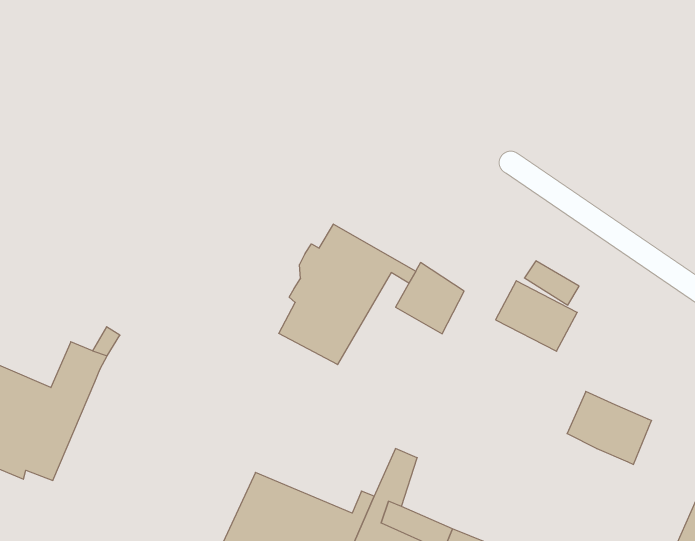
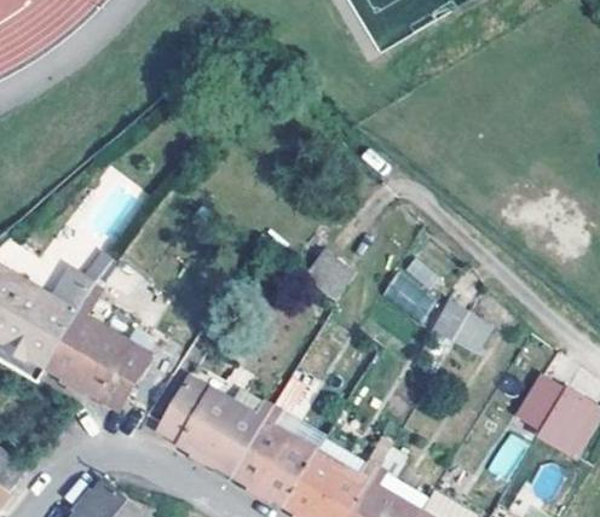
building: [279,224,416,365] -> none
building: none -> [46,300,148,407]
building: [567,391,652,464] -> [433,296,494,352]

